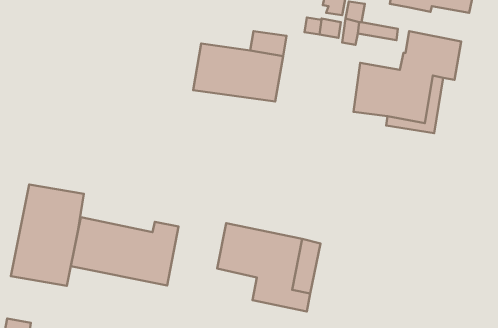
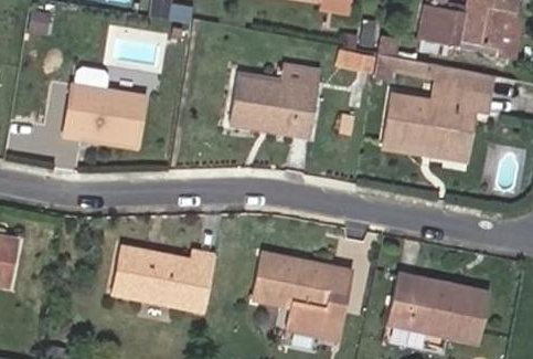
building: none -> [64,66,146,142]
building: [11,185,84,286] -> none
building: none -> [386,274,489,344]

